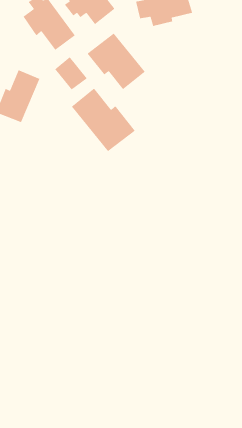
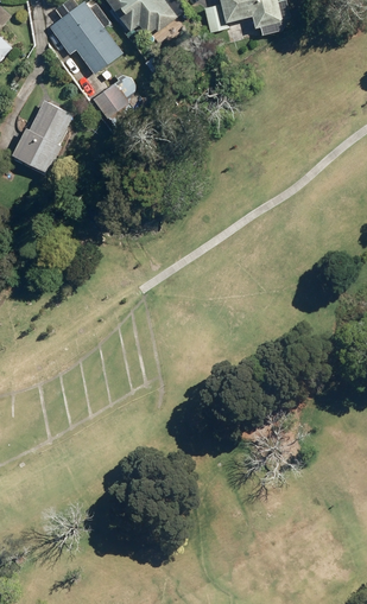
building: [87,33,146,90] -> none
building: [71,88,136,152] -> none

